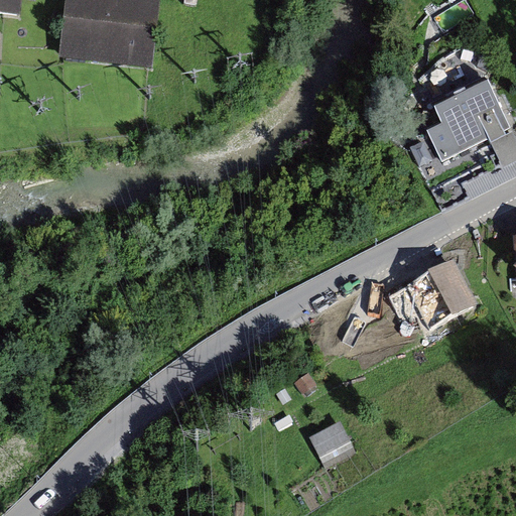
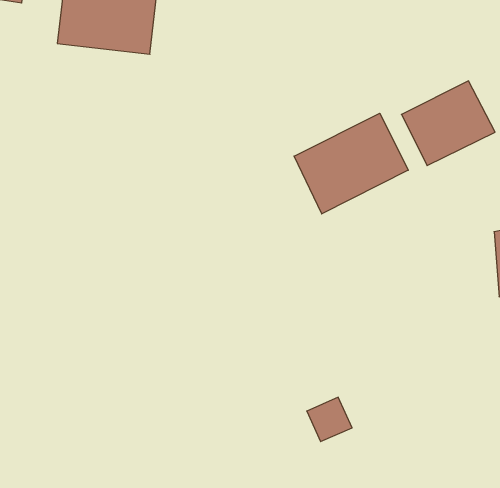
building: none -> [294,113,408,214]
building: [384,258,478,342] -> none

